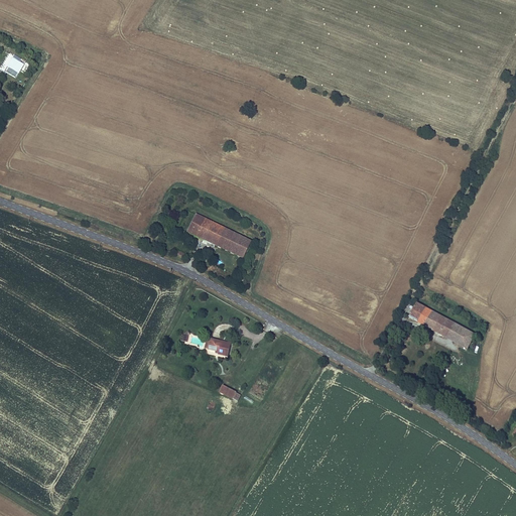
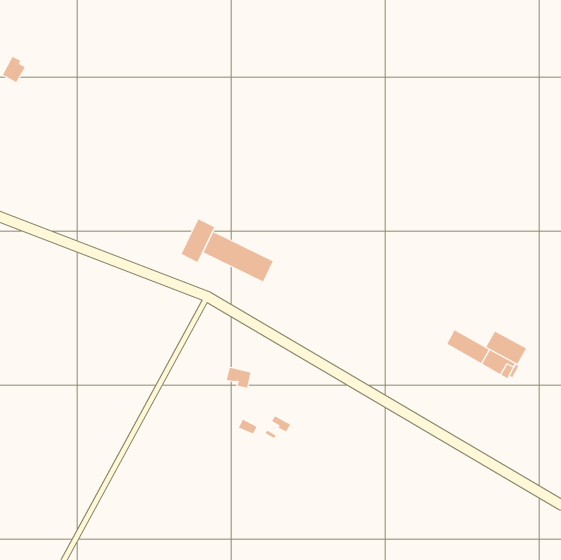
building: none -> [181,218,215,263]
building: none -> [486,331,527,365]

